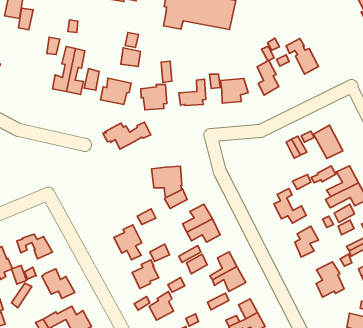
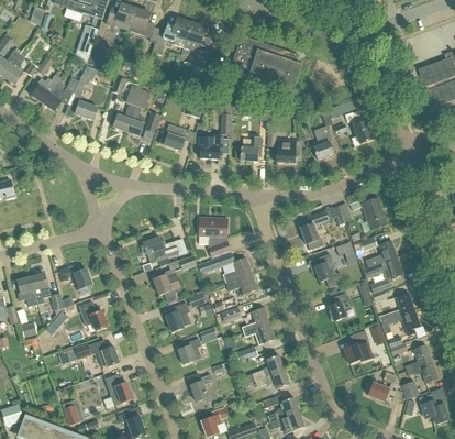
building: none -> [71,72,99,119]
building: [103,122,151,149] -> [141,235,187,261]
building: none -> [300,209,329,249]

